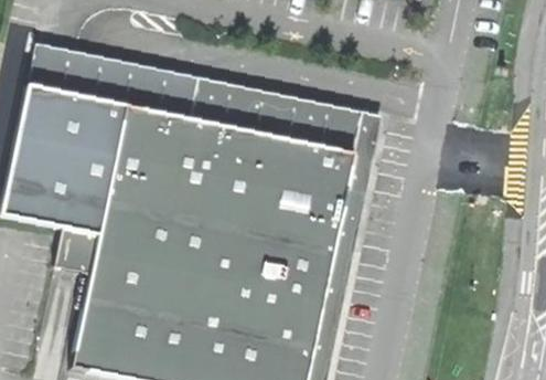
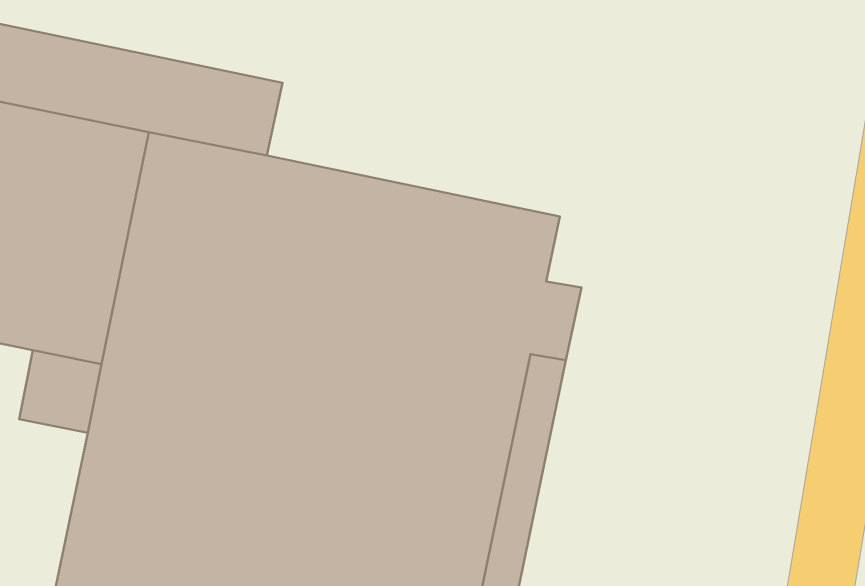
building: [189,73,381,188] -> none

